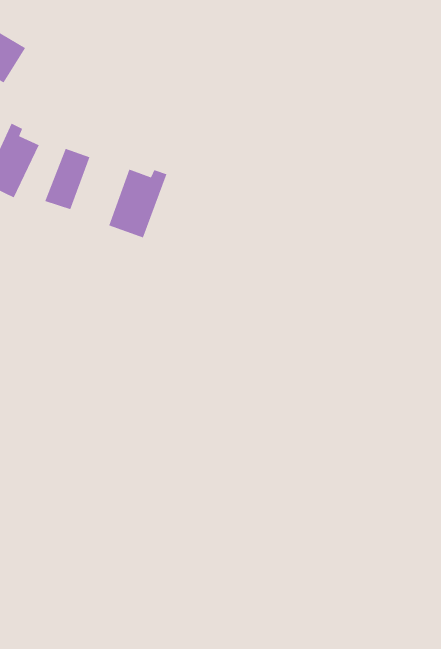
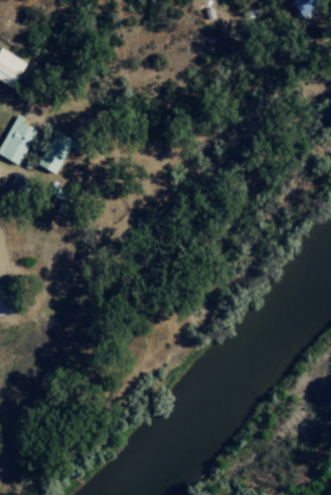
building: [108,169,168,239] -> none

